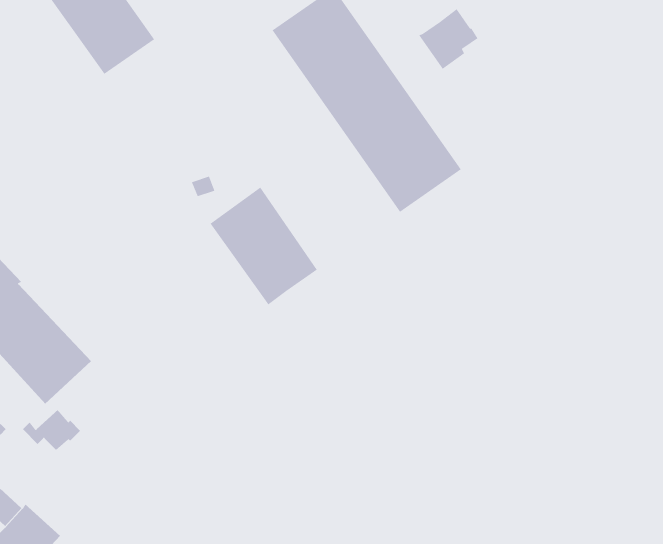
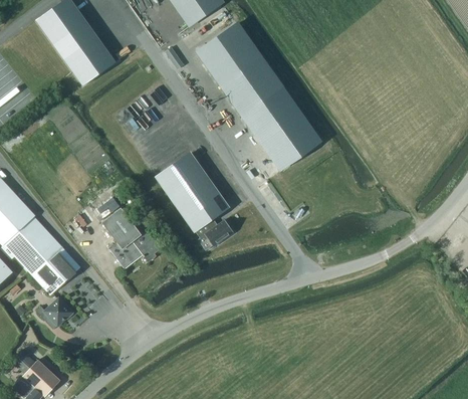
building: [418,8,479,70] -> none
building: none -> [101,207,163,268]
building: none -> [195,219,234,246]

